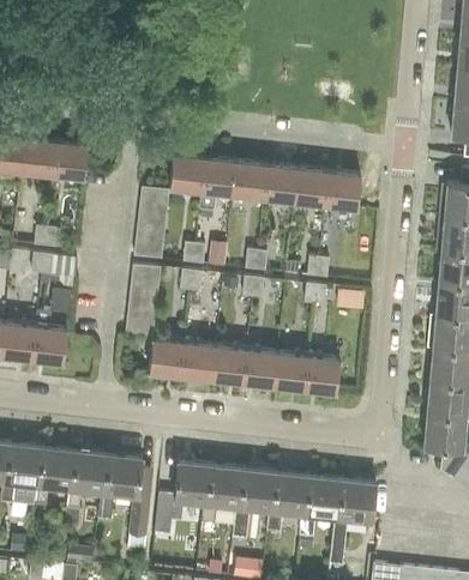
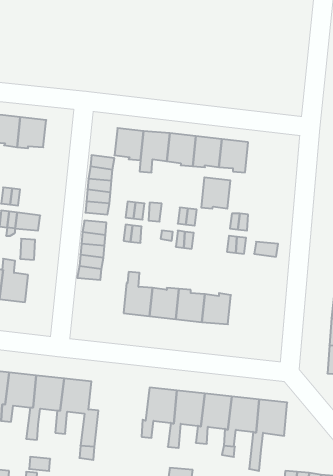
building: [325,173,360,210] -> [201,177,230,209]
building: [149,339,184,376] -> none
building: [305,355,339,393] -> none
building: [155,461,211,534] -> none

